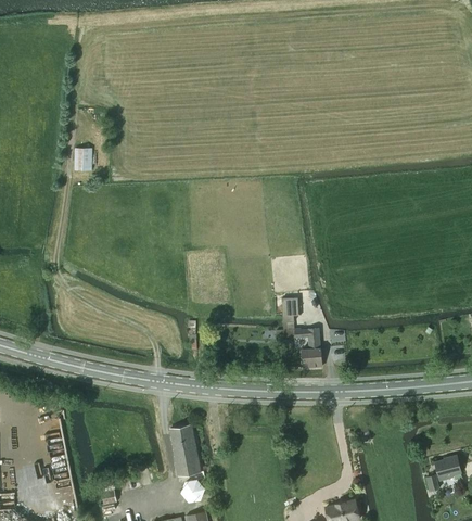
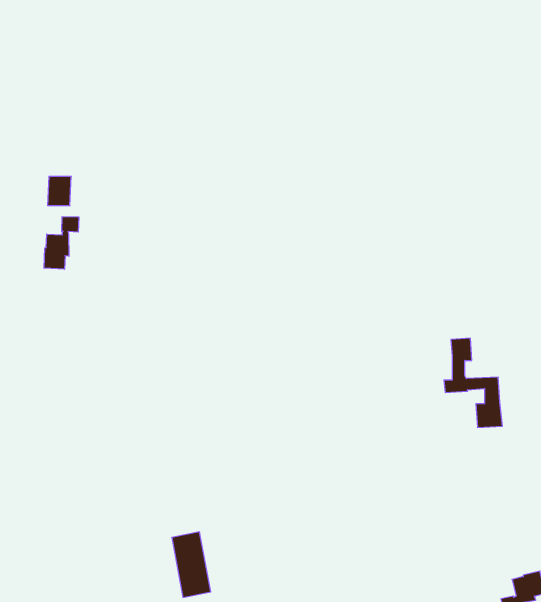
building: none -> [44,217,79,269]
building: [277,298,322,368] -> [444,338,502,427]

